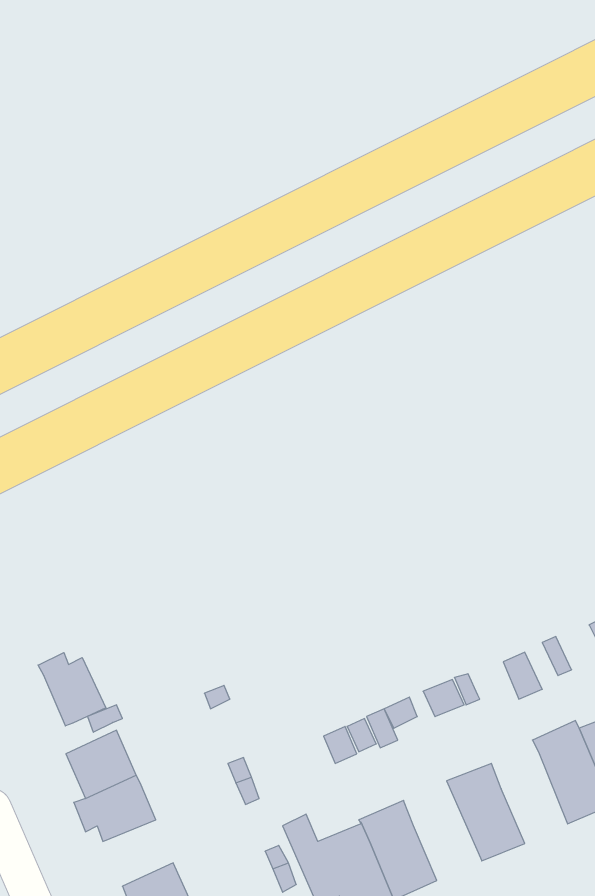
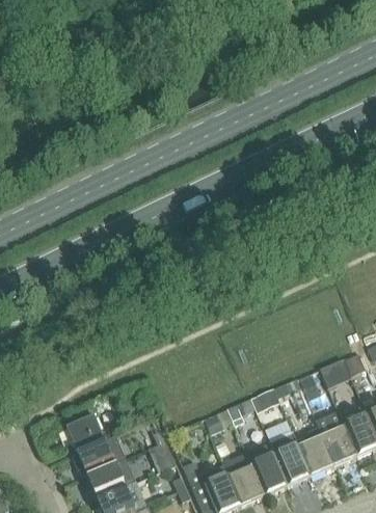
building: [38,653,106,726] -> none
building: none -> [299,428,334,477]
building: none -> [247,443,289,496]
building: none -> [87,459,136,500]

